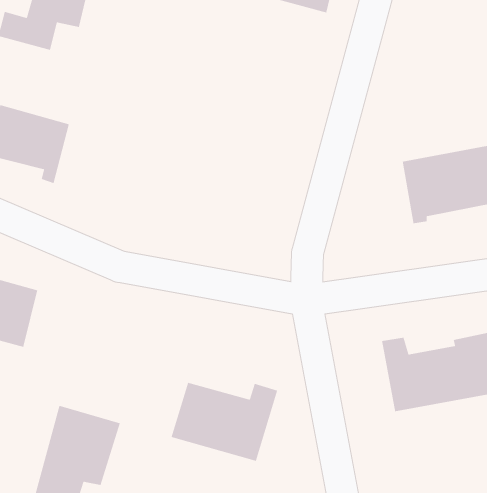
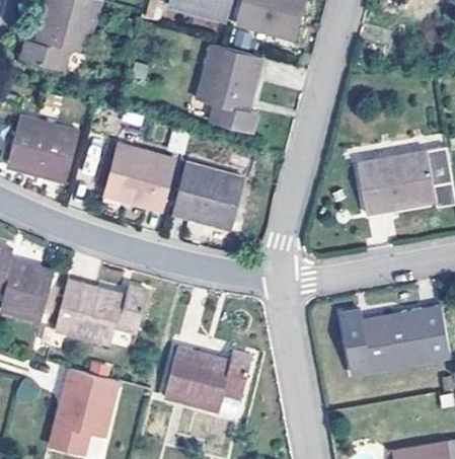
building: none -> [197,45,261,135]
building: none -> [105,145,174,211]
building: none -> [173,162,244,225]
building: none -> [55,280,148,341]

